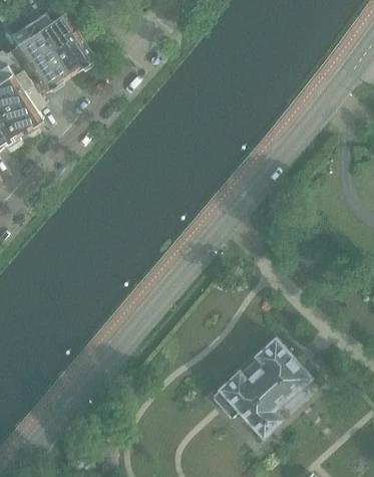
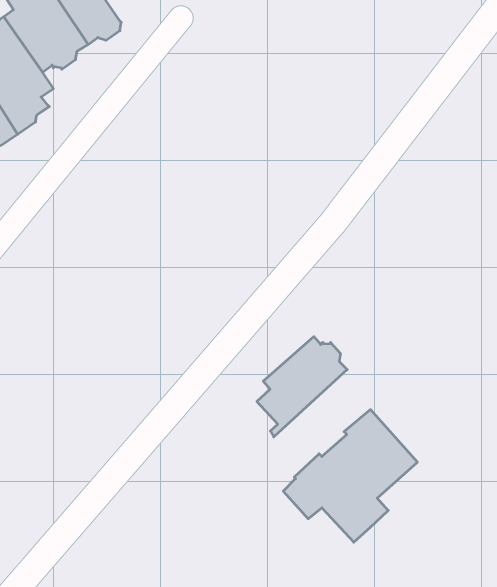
building: none -> [257,337,347,437]

